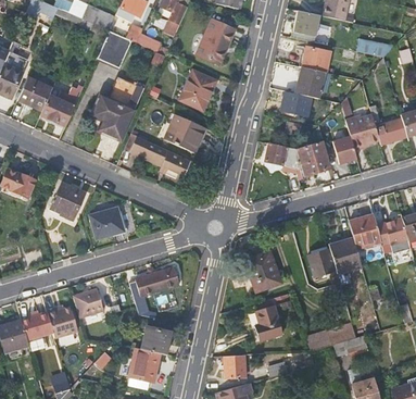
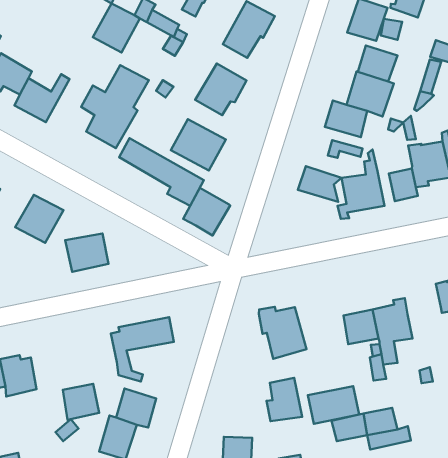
building: none -> [183,188,230,235]
building: [349,213,381,249] -> none
building: [74,287,103,316] -> [63,384,99,420]
building: none -> [308,386,359,424]

